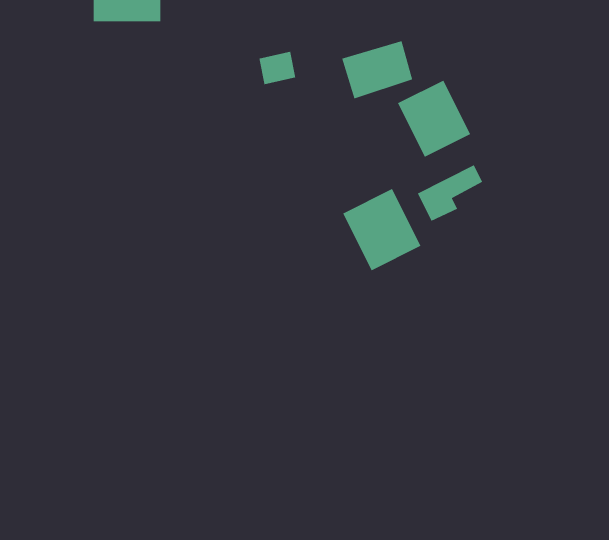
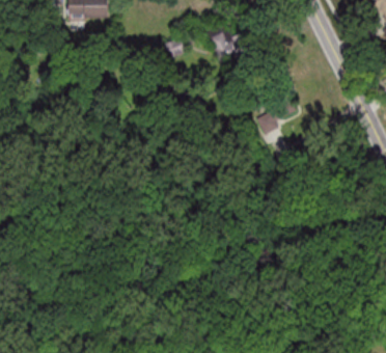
building: [397,79,471,158] -> none
building: [342,188,422,271] -> none

